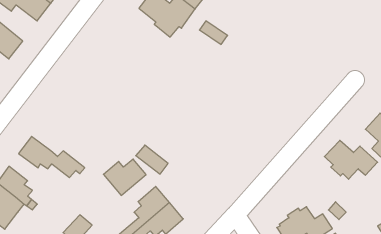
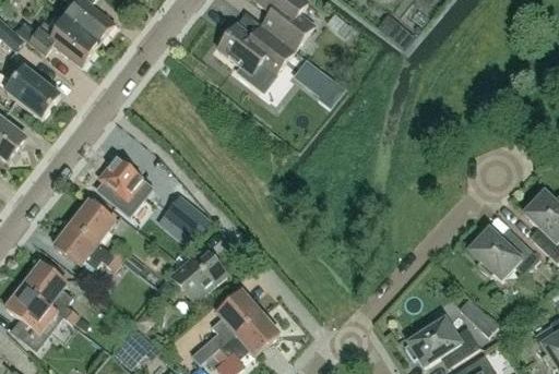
building: none -> [95,156,153,215]
building: none -> [72,200,116,241]
building: [136,145,168,174] -> [167,196,211,236]

